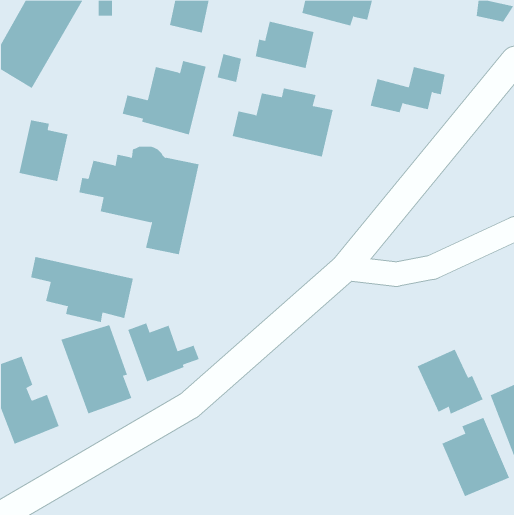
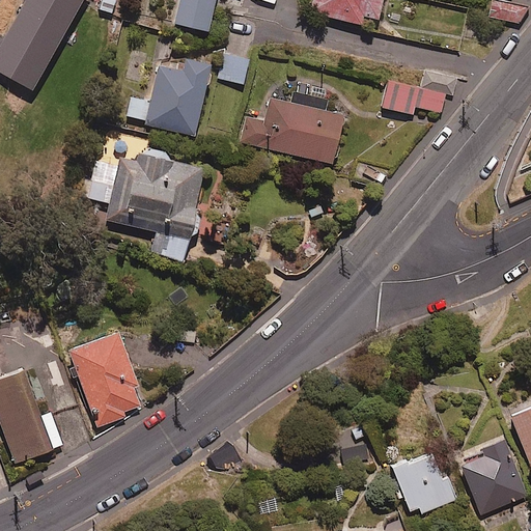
building: [255,21,314,69] -> none
building: [19,119,68,182] -> none
building: [30,256,134,323] -> none
building: [128,322,199,382] -> none
building: [417,349,483,414] -> [387,444,455,511]

